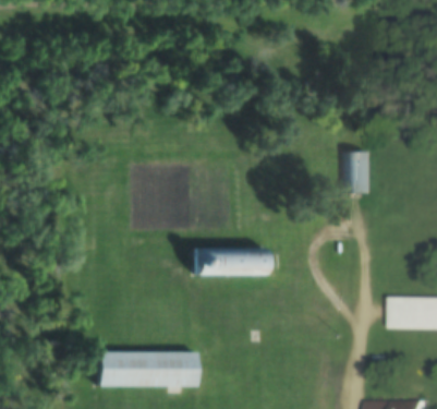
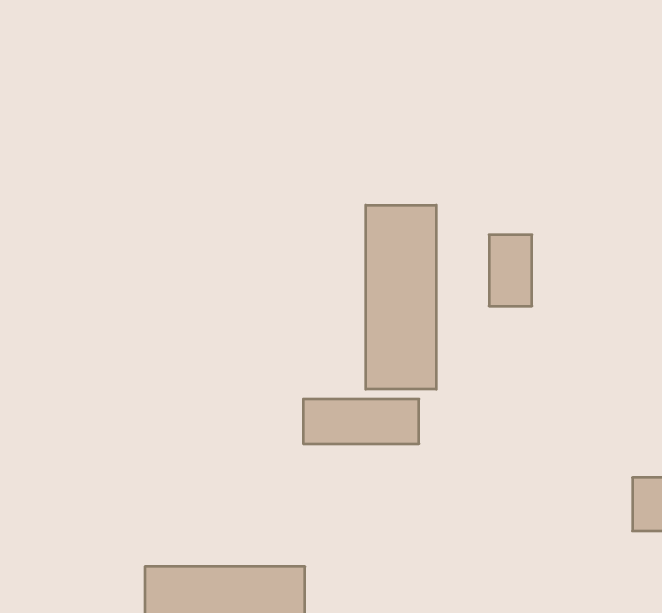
building: none -> [366,205,436,389]
building: [341,151,367,194] -> [489,235,532,306]

